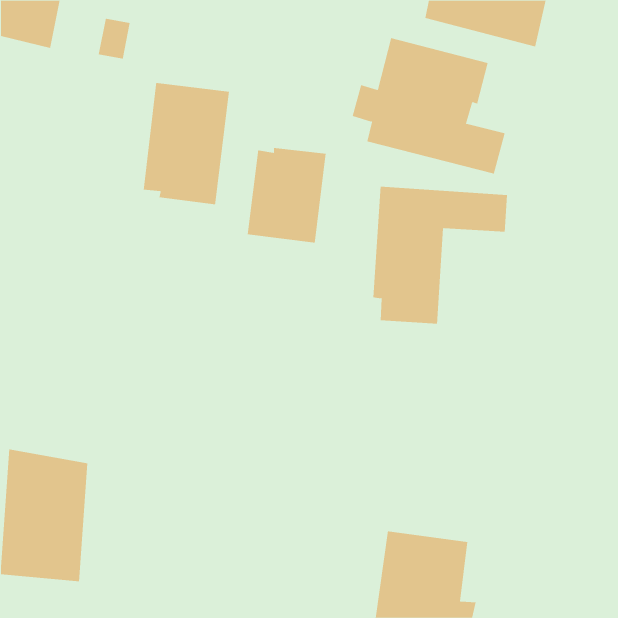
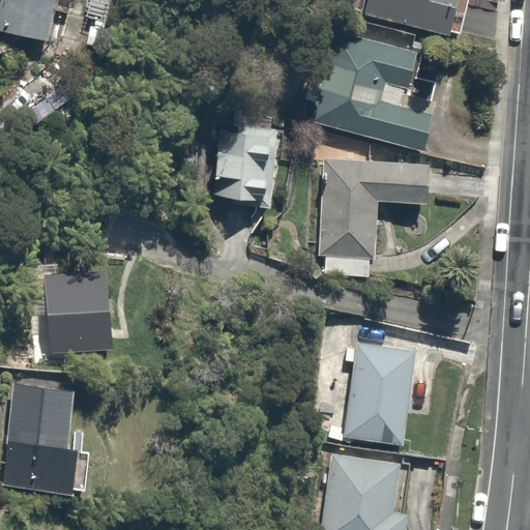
building: [143,82,229,205] -> none
building: none -> [42,268,115,355]
building: none -> [344,343,415,444]

